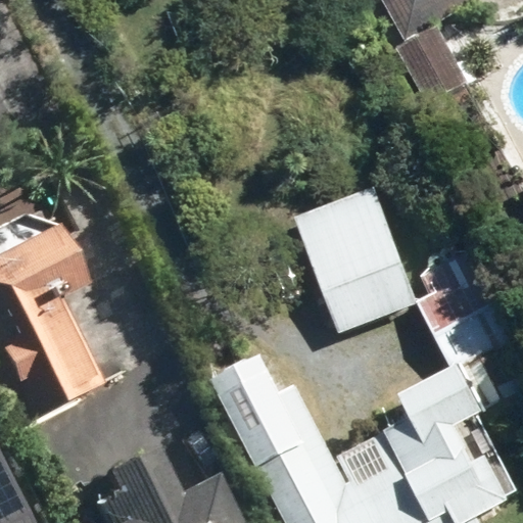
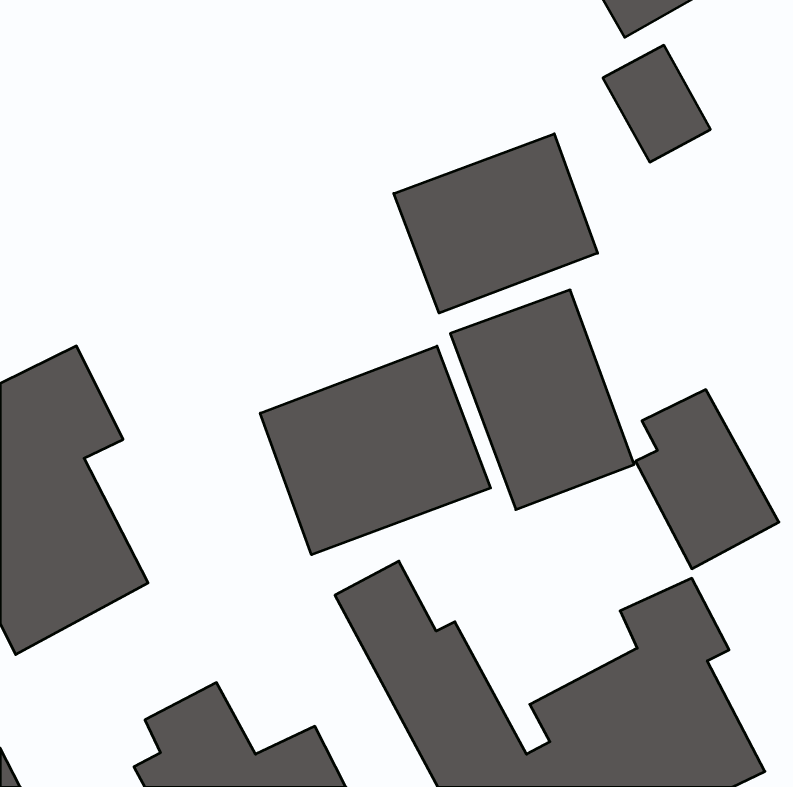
building: none -> [394,134,598,313]
building: none -> [260,346,491,555]

